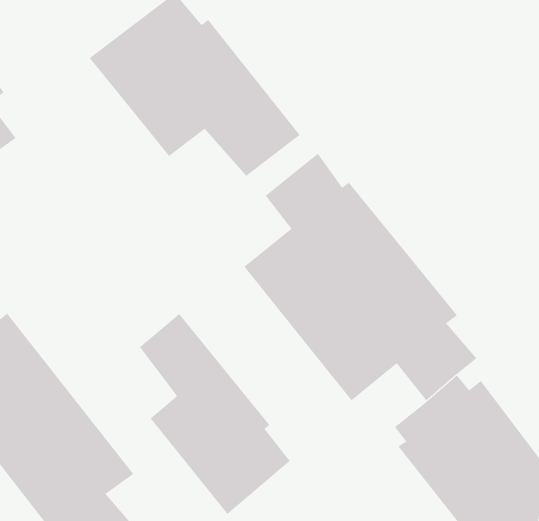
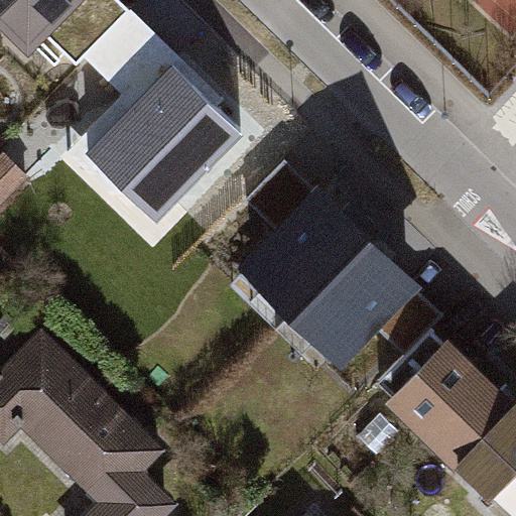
building: [139,313,291,515] -> none

